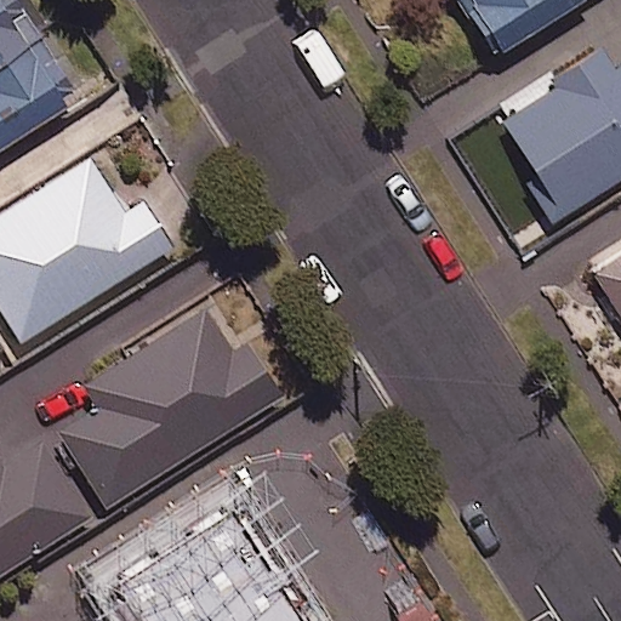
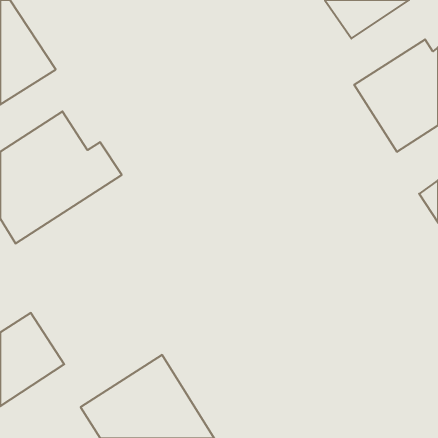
building: [61,308,280,508] -> none

